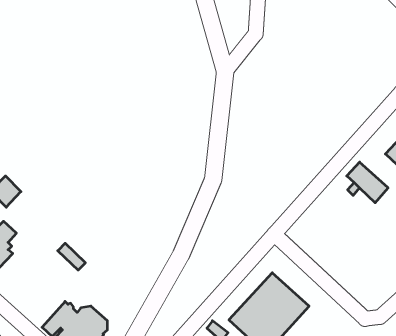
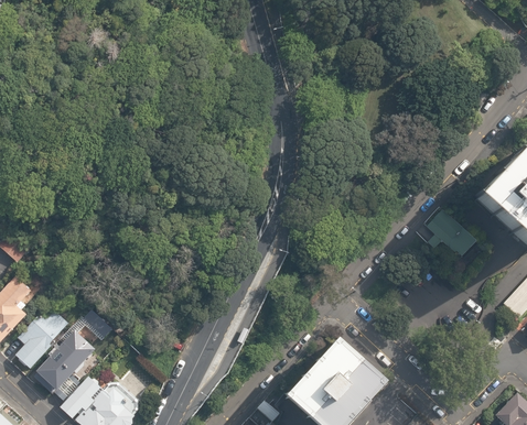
building: none -> [15,304,69,368]
building: none -> [32,331,98,400]

